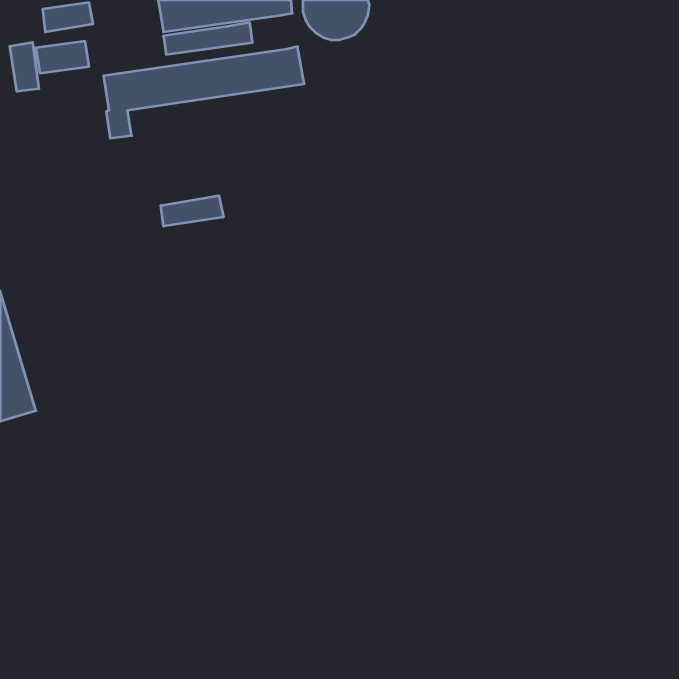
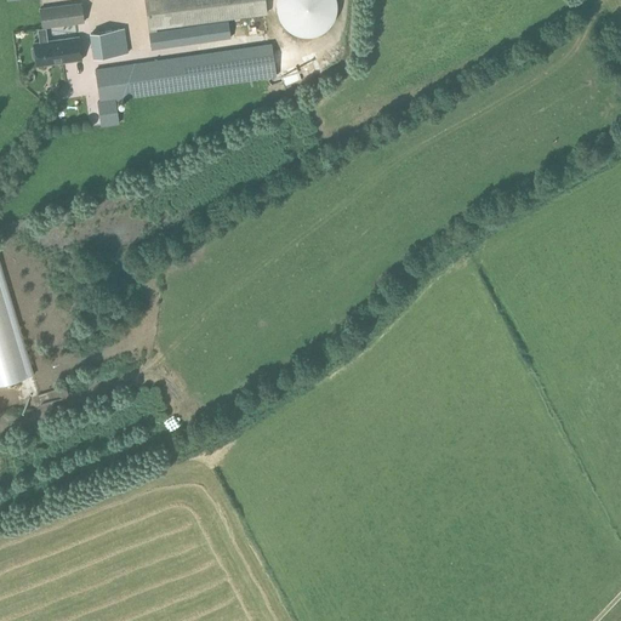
building: none -> [90,28,129,58]
building: [10,42,39,91] -> none
building: [161,196,223,226] -> none

